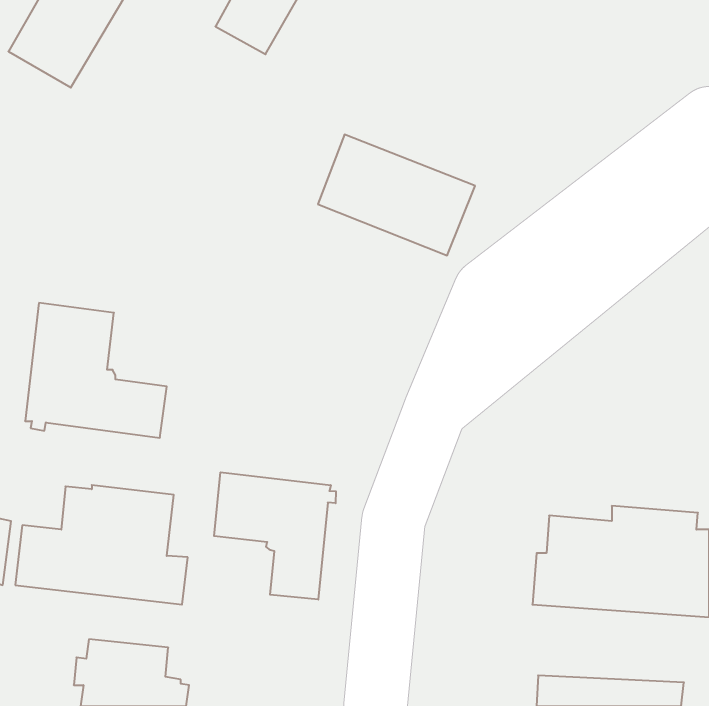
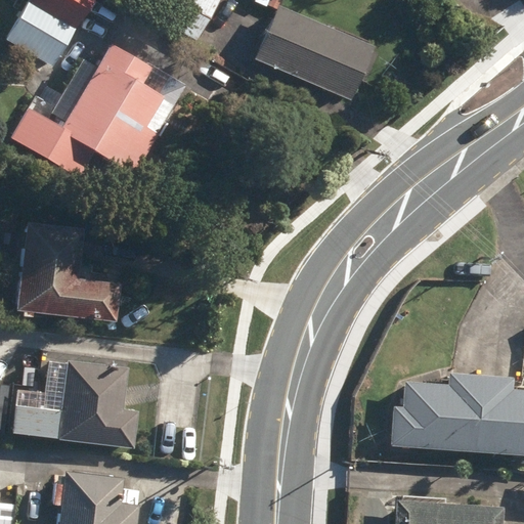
building: none -> [11,44,187,182]
building: [318,135,475,255] -> [244,8,359,97]
building: [214,472,336,600] -> none

